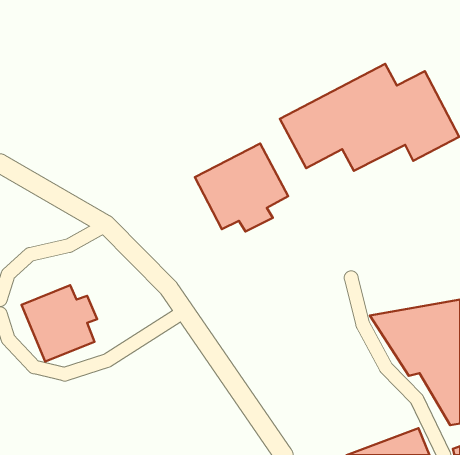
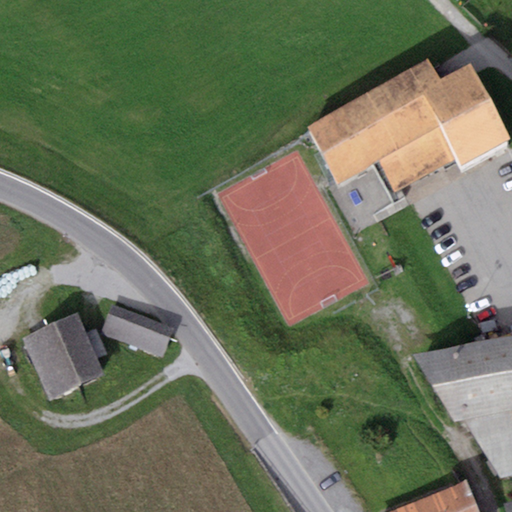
building: [195,144,288,232] -> none
building: none -> [101,304,174,356]

